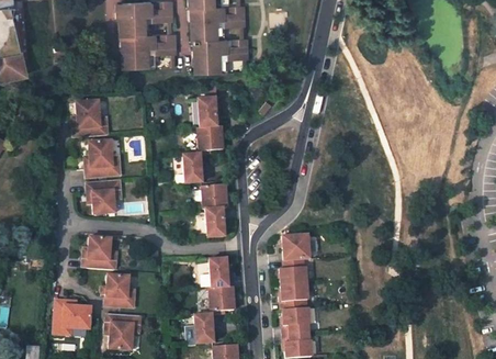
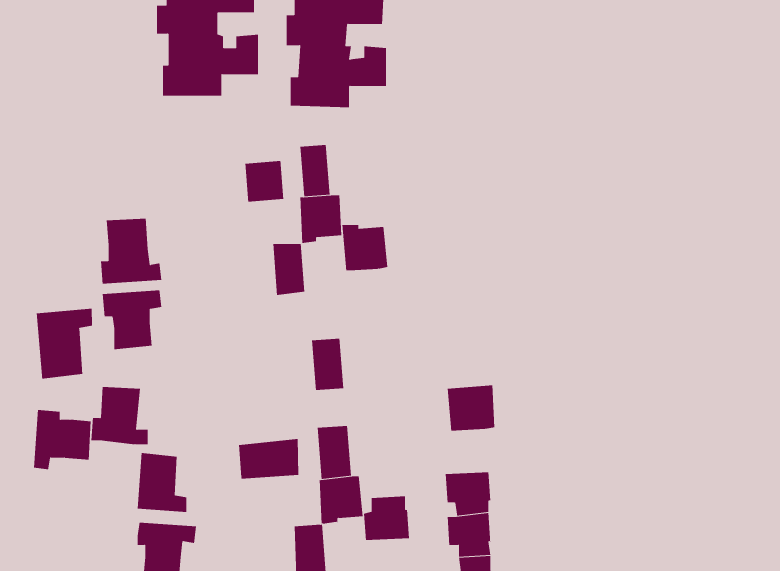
building: [74,104,109,137] -> none
building: none -> [245,160,284,202]
building: [201,183,227,210] -> [342,224,388,271]
building: none -> [36,308,93,379]
building: [280,260,306,285] -> [363,496,410,540]
building: none -> [238,438,299,479]
building: [58,300,91,334] -> [33,410,91,470]

